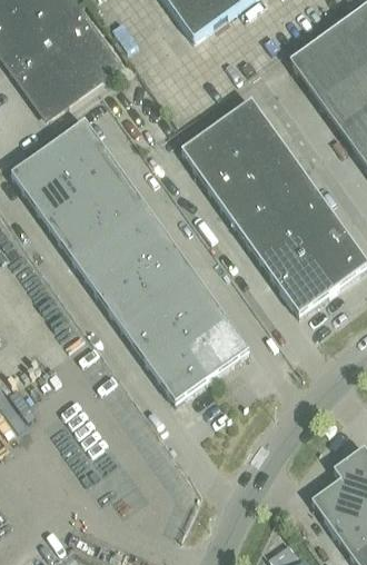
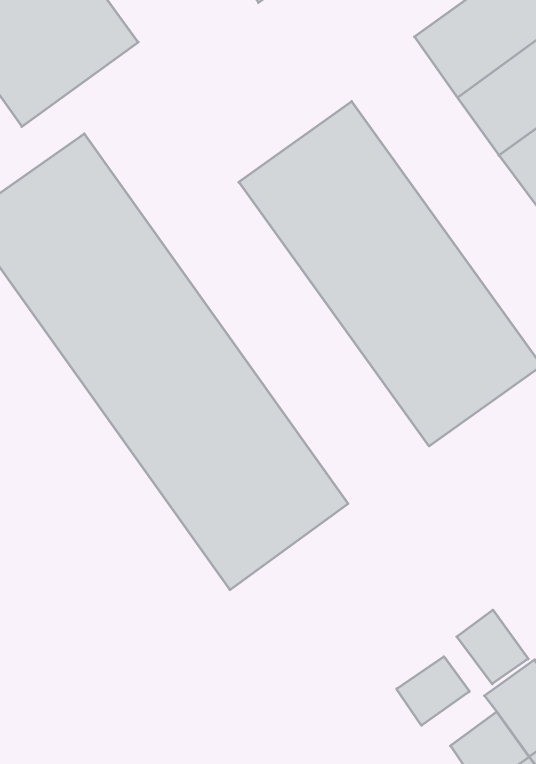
building: none -> [457,610,528,684]
building: none -> [397,657,469,725]

